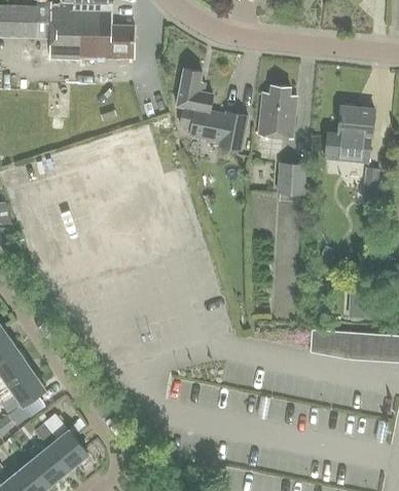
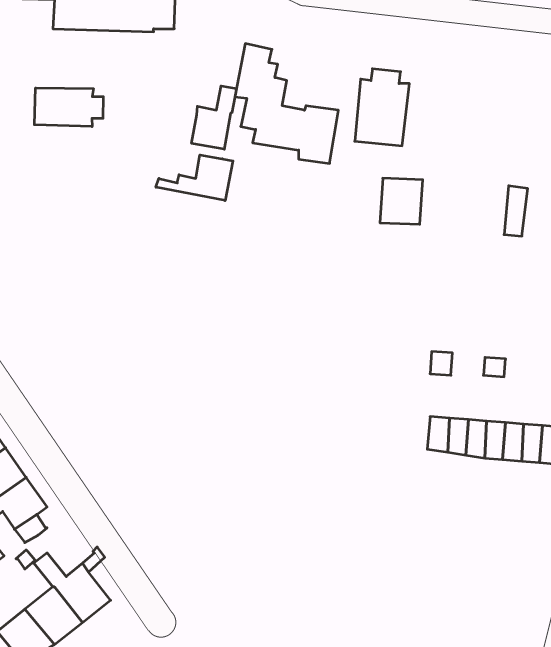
building: none -> [192,86,237,149]
building: none -> [34,88,103,127]
building: [325,104,375,161] -> none
building: none -> [156,155,233,201]

